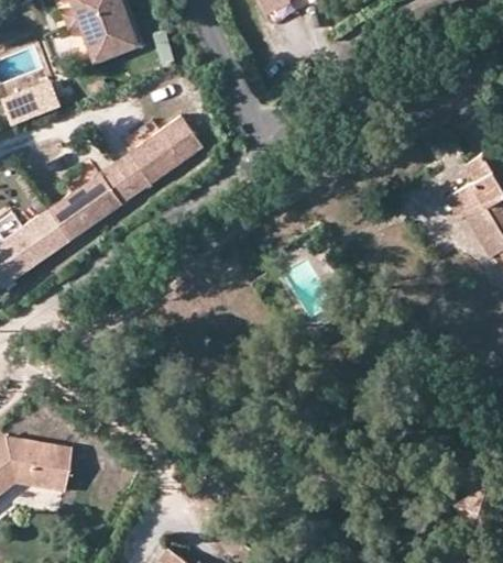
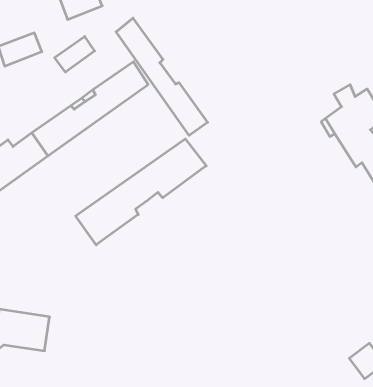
building: none -> [116,18,208,135]
building: none -> [55,36,95,72]
building: none -> [76,139,206,245]

